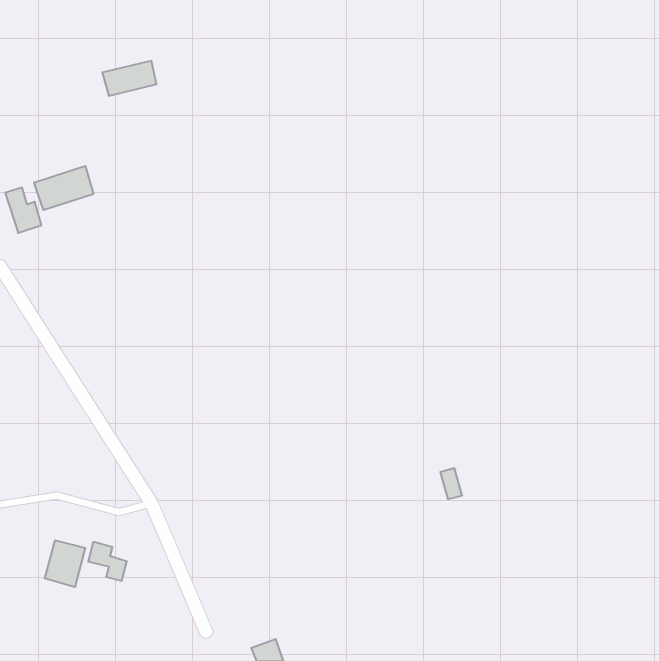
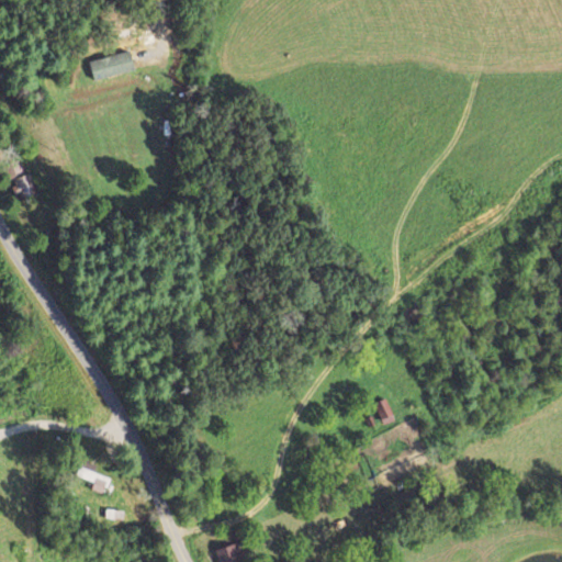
building: [34,166,93,210] -> none
building: [45,540,85,587] -> none

